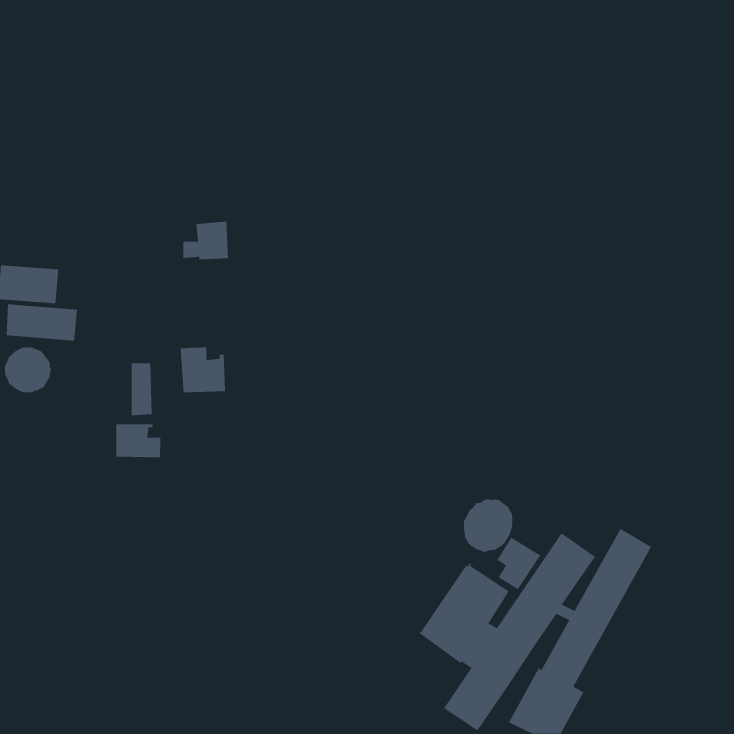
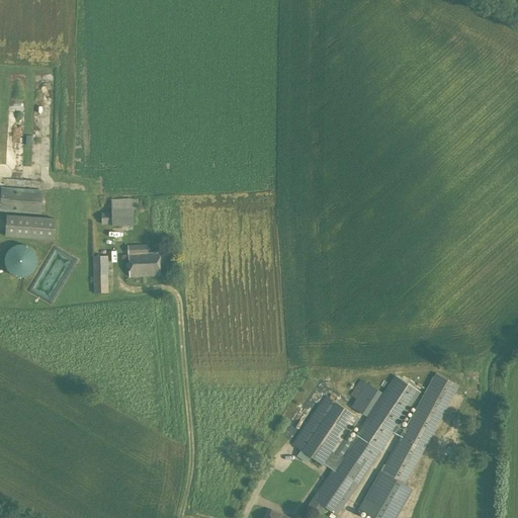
building: [183,221,229,260] -> [100,197,133,225]
building: [116,424,161,458] -> none
building: [463,499,513,553] -> none

